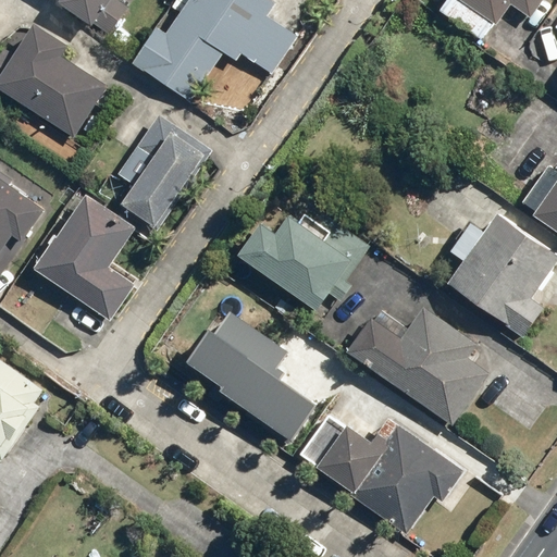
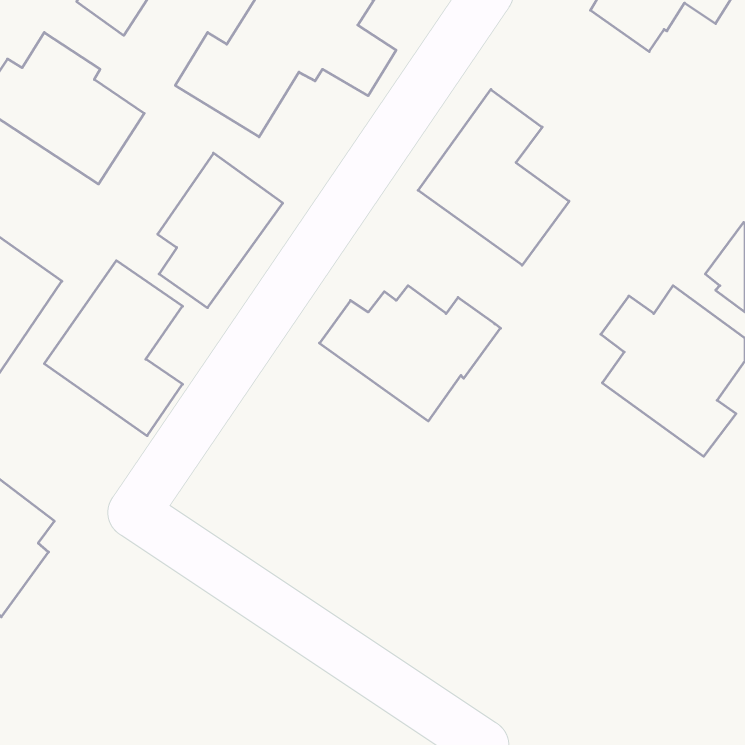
building: none -> [418,89,569,265]
building: [347,306,487,425] -> none
building: [191,311,322,441] -> none
building: [317,424,460,533] -> none

